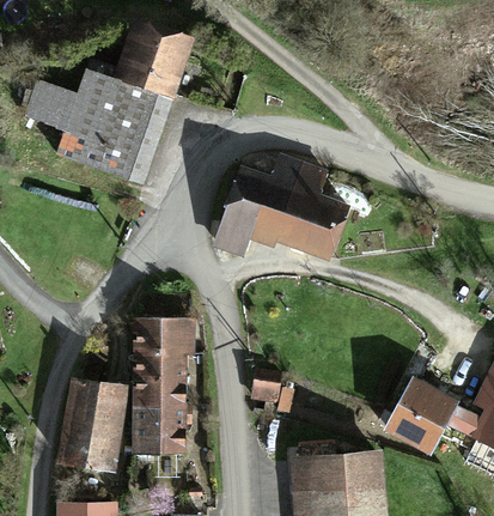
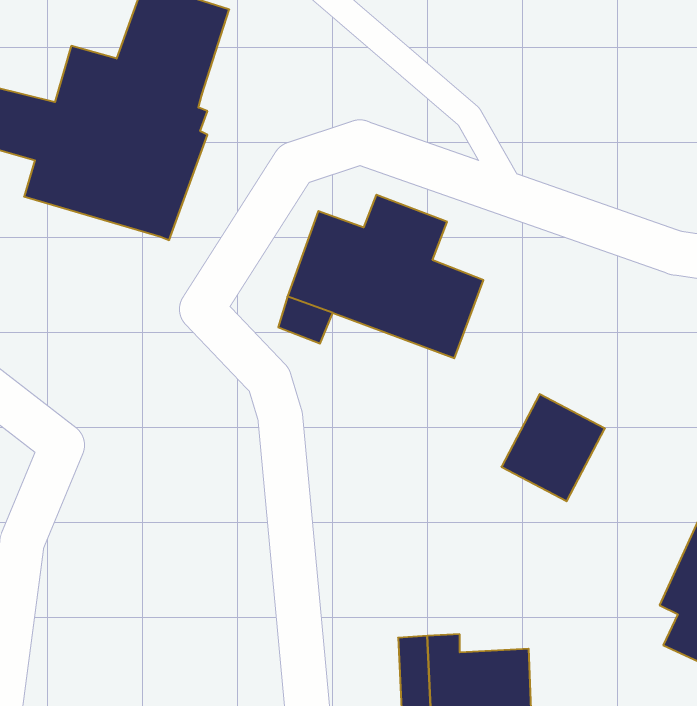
building: [134,318,188,455] -> none
building: [59,378,123,472] -> none
building: [390,382,458,453] -> [501,394,605,501]

